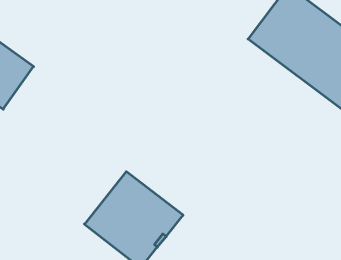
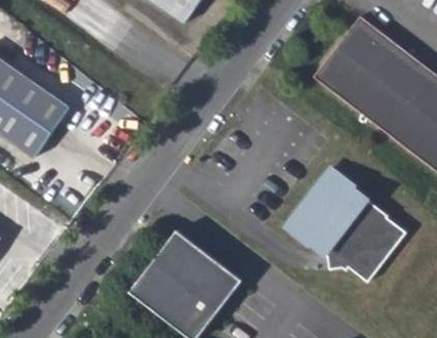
building: none -> [285,166,406,279]

